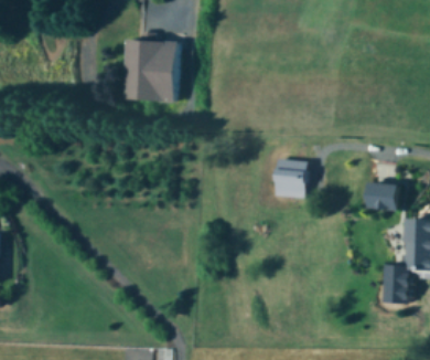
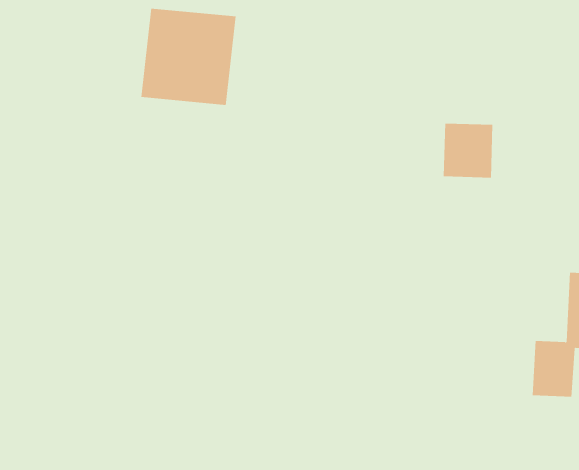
building: [273,159,308,197] -> [443,123,493,178]
building: [368,182,404,209] -> none

